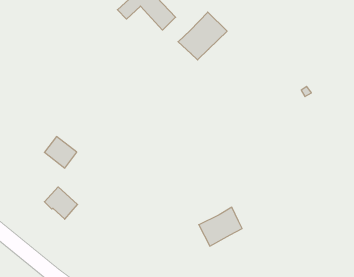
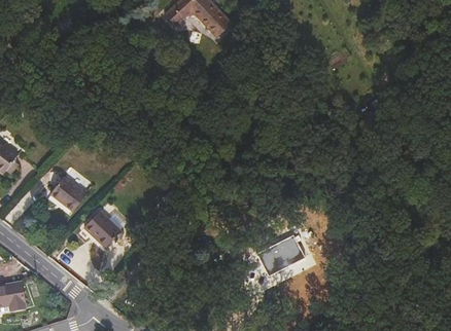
building: [178,12,227,60] -> none
building: [44,137,77,168] -> [50,177,86,212]

